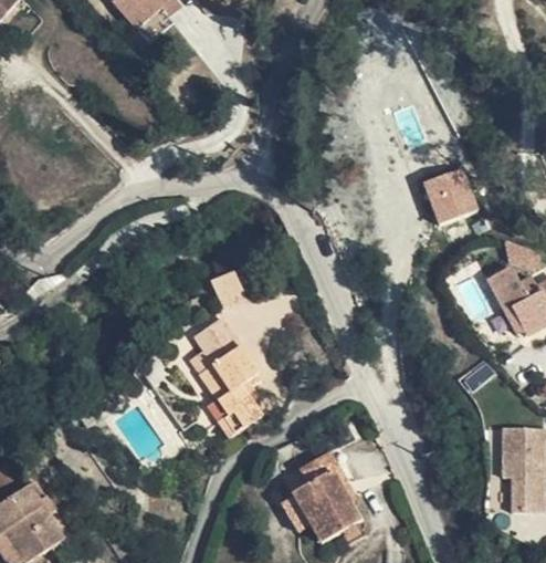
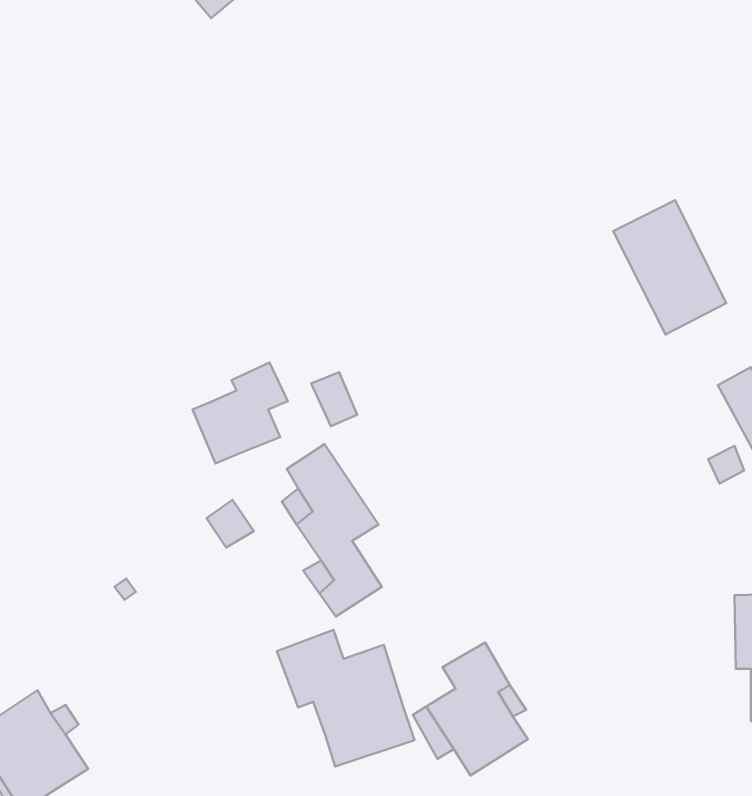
building: none -> [193,362,288,464]
building: none -> [277,630,414,767]

